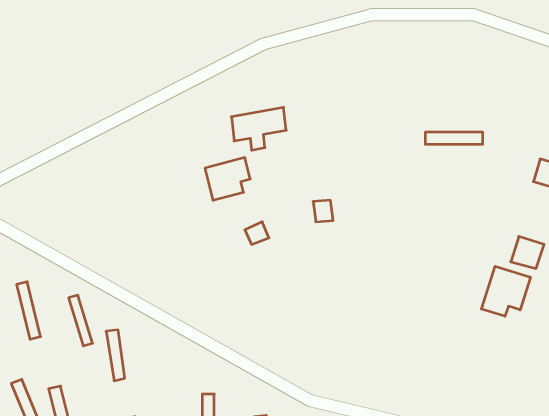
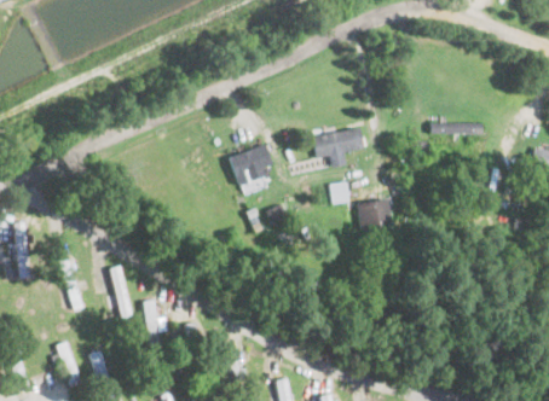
building: [231,107,286,150] -> [313,128,363,167]
building: none -> [357,199,392,229]
building: [481,266,530,316] -> none

